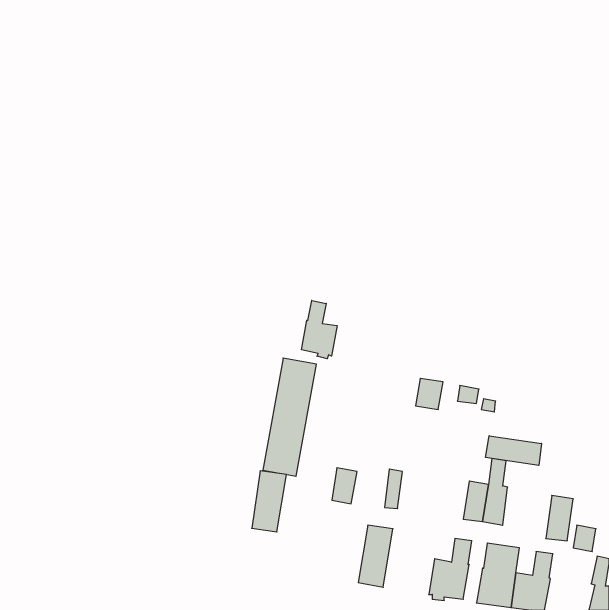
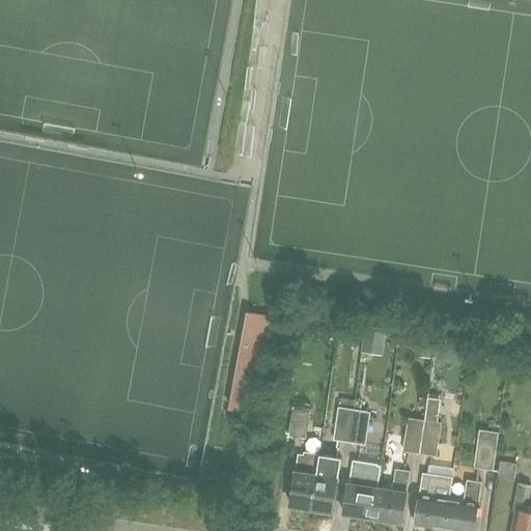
building: [302,300,337,359] -> none
building: [486,436,541,465] -> none
building: [252,471,286,532] -> [289,453,319,506]
building: none -> [345,410,369,445]
building: none -> [343,460,381,520]

